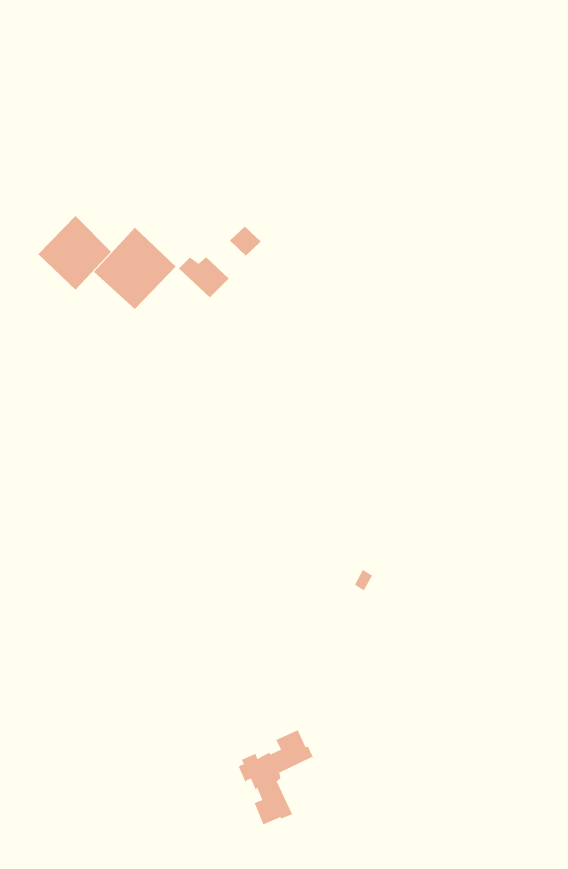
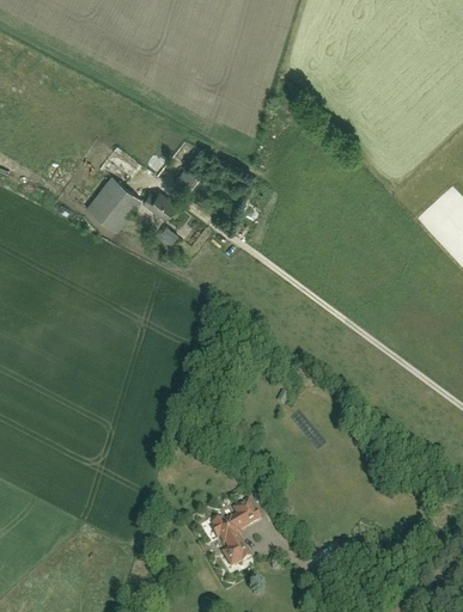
building: [37,215,112,290] -> none

